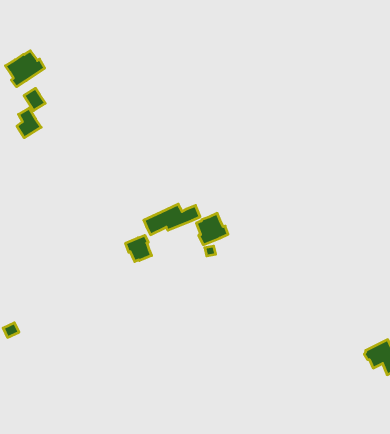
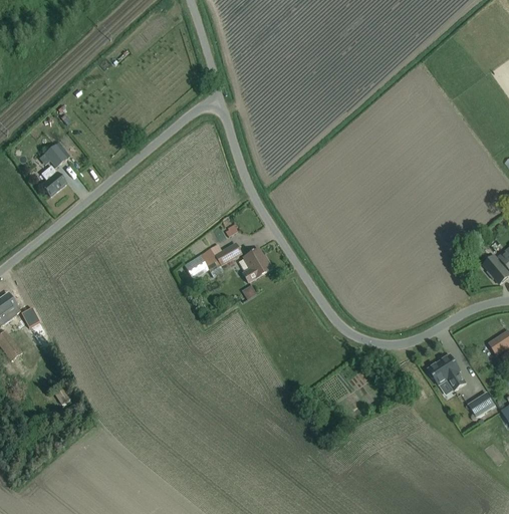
building: [5,51,45,87] -> none
building: [126,235,152,262] -> none

